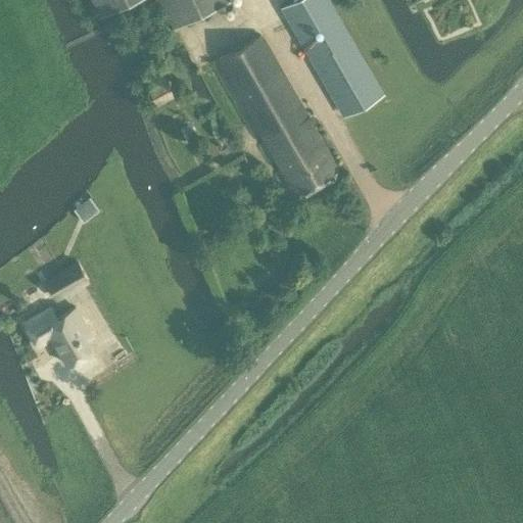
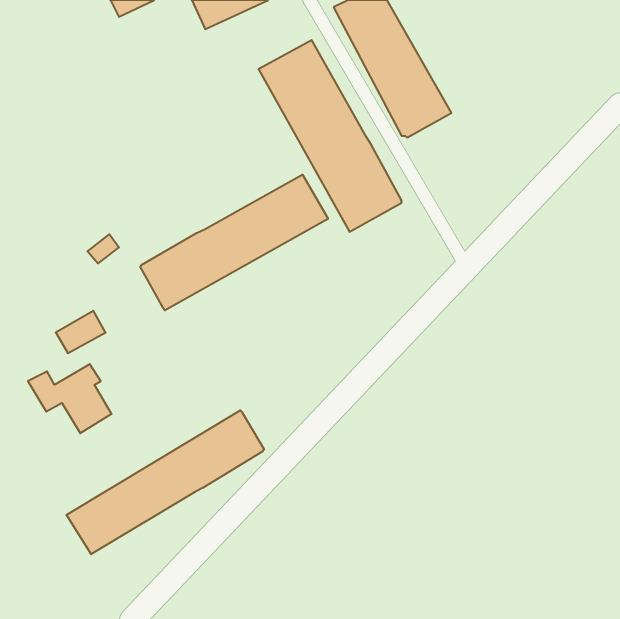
building: none -> [140,175,328,310]
building: none -> [67,410,264,554]

